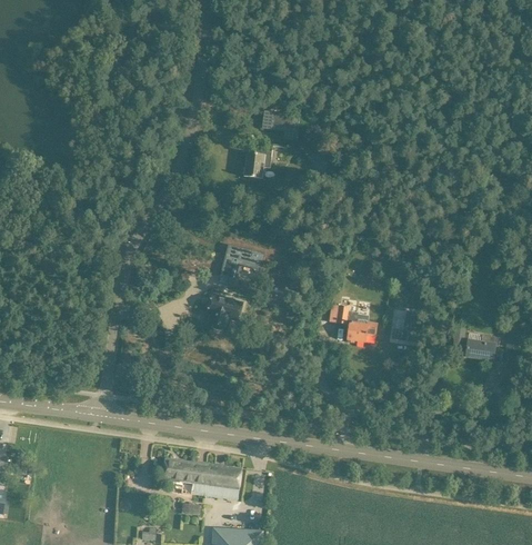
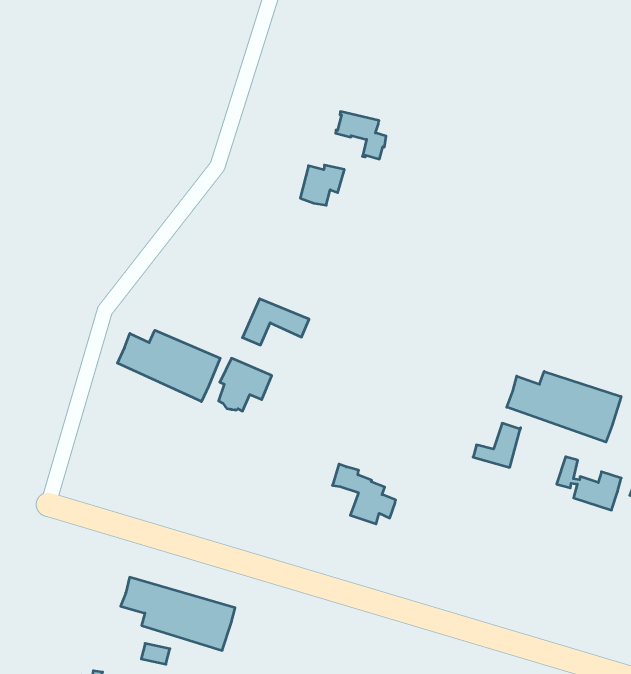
building: none -> [507,371,621,442]
building: none -> [117,330,220,402]
building: [331,305,377,343] -> [332,464,396,524]

